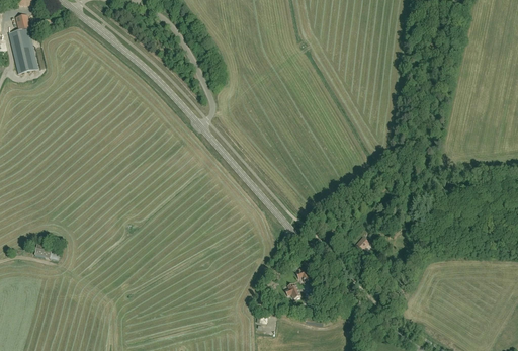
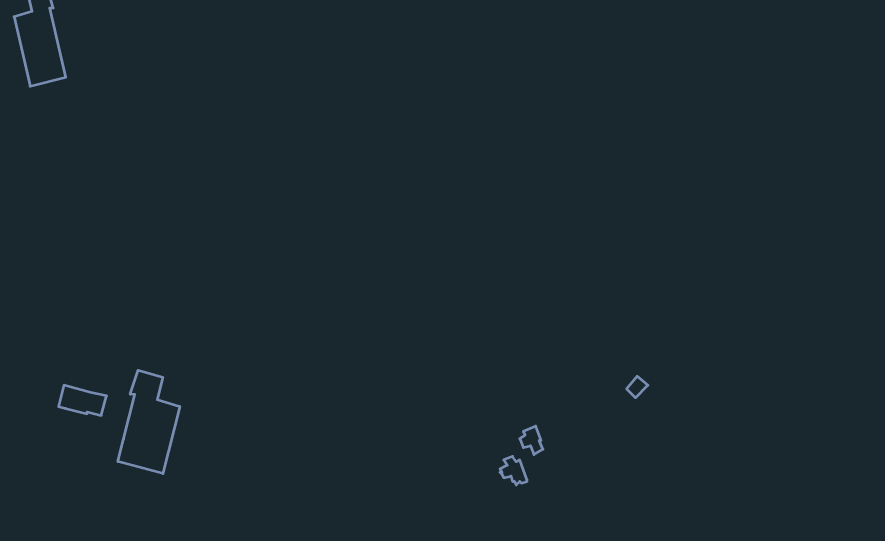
building: none -> [118,370,180,474]

